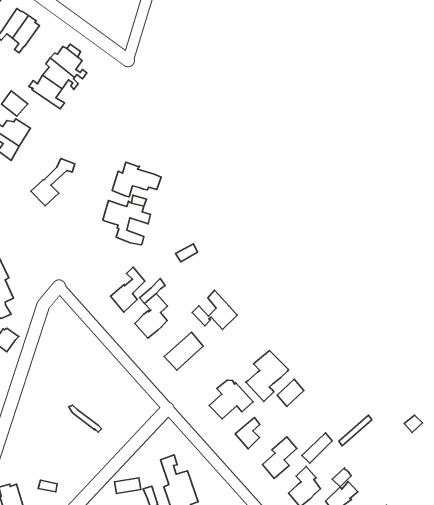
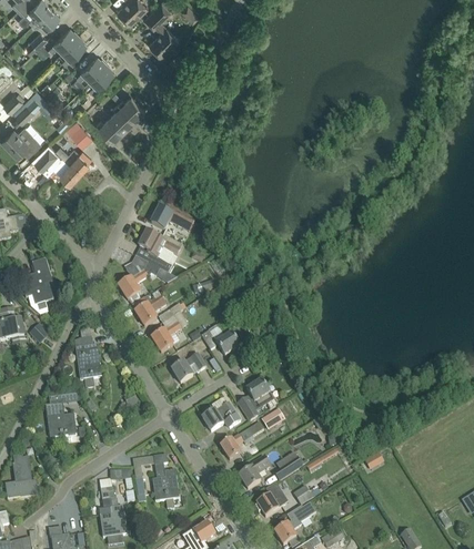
building: [31,158,75,206] -> [118,262,159,299]
building: none -> [74,336,101,379]
building: none -> [44,394,75,437]

